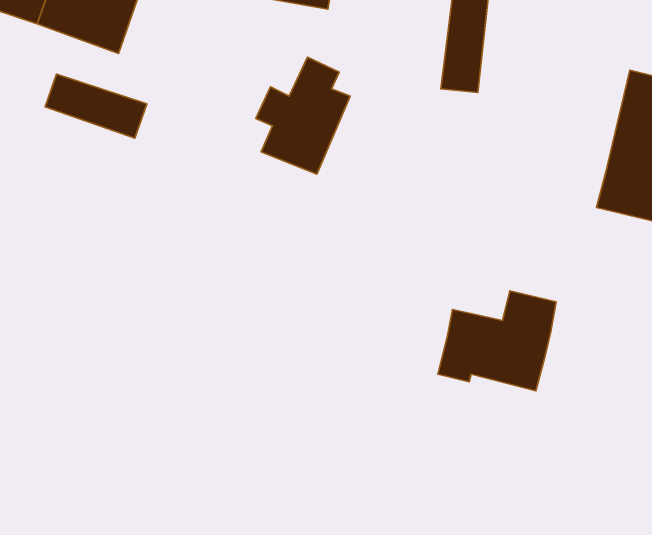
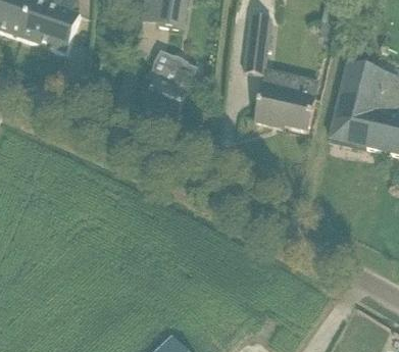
building: [45,74,147,138] -> none
building: [438,291,556,391] -> [254,73,319,129]

